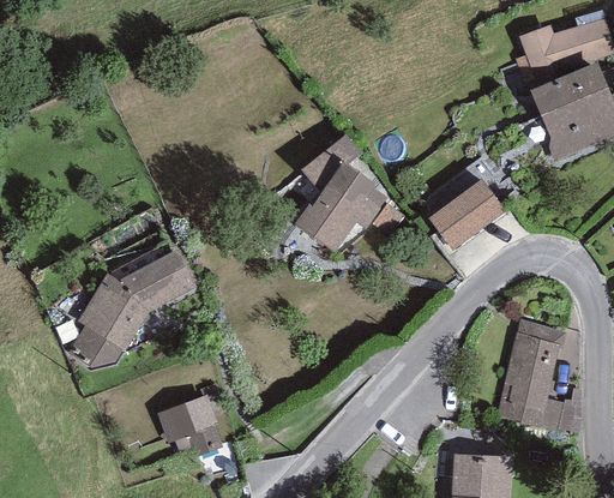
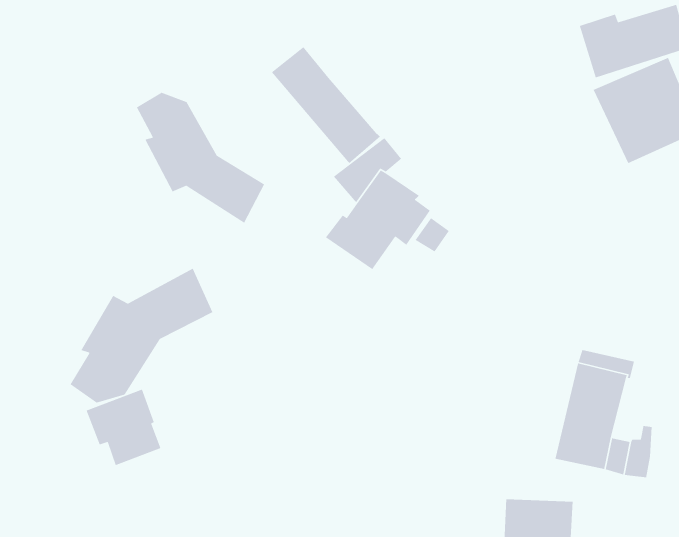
building: none -> [271,46,381,164]
building: none -> [136,92,265,224]
building: [429,180,505,250] -> none
building: [157,394,224,462] -> [85,389,162,466]

